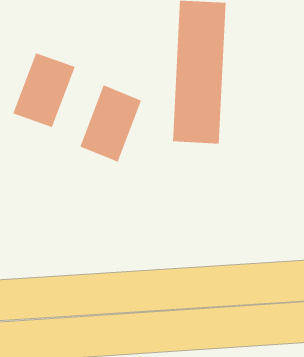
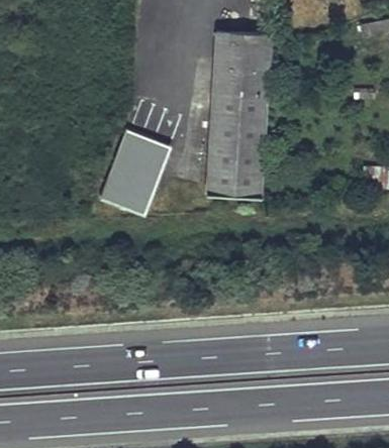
building: [12,53,76,128] -> none

